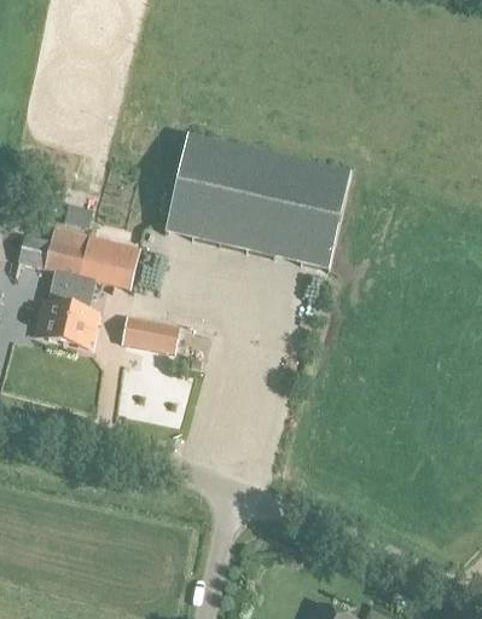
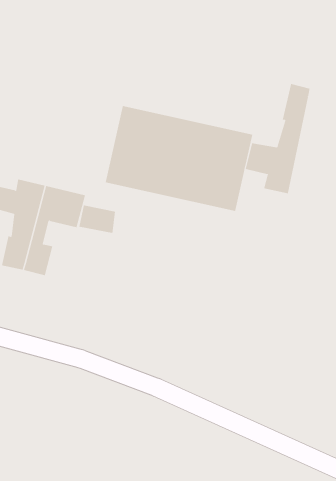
building: none -> [245,83,310,194]
building: [133,317,180,353] -> [78,205,116,234]

